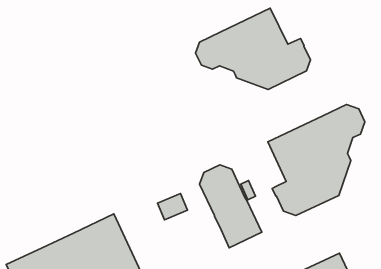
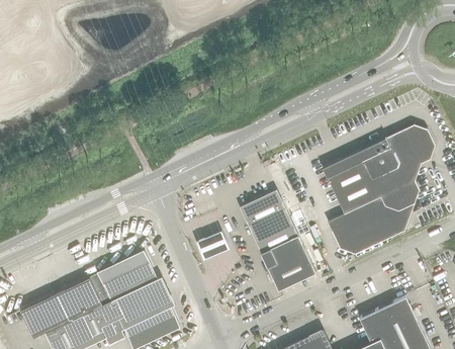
building: [196,8,310,90] -> none

